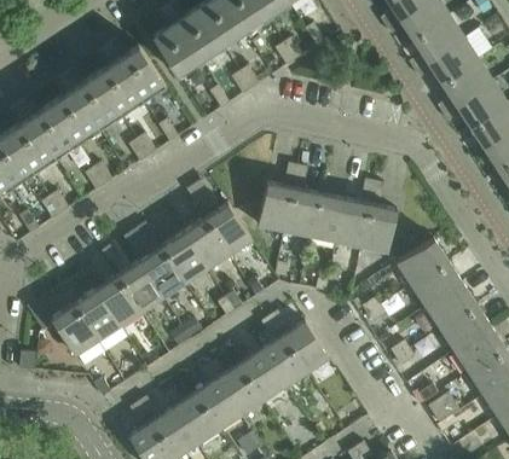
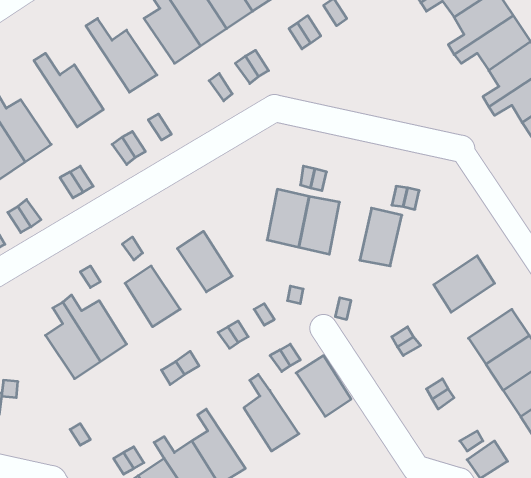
building: [97,46,143,116] -> none
building: [52,75,99,145] -> none
building: [310,193,345,242] -> none
building: [204,203,250,255] -> none
building: [360,204,397,252] -> none
building: [161,232,207,283] -> none
building: [117,261,162,312] -> none
building: [411,261,462,307] -> none
building: [51,304,97,355] -> none
building: [260,336,306,387] -> none
building: [207,360,261,416] -> none

